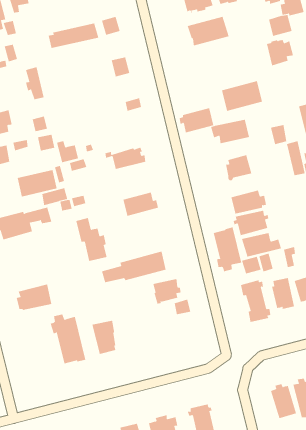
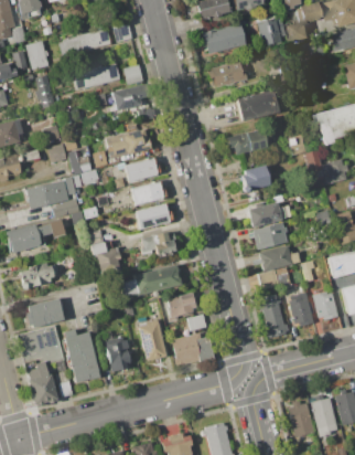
building: none -> [26,41,49,68]
building: [266,40,294,66] -> [258,19,287,46]
building: none -> [72,63,120,89]
building: none -> [111,82,152,109]
building: [179,107,214,133] -> [208,60,245,86]
building: none -> [106,128,151,158]
building: none -> [131,181,166,204]
building: none -> [140,232,175,257]
building: [213,227,242,272] -> none
building: none -> [20,262,57,287]
building: none -> [138,318,166,360]
building: none -> [17,325,64,406]
building: none -> [172,332,214,364]

